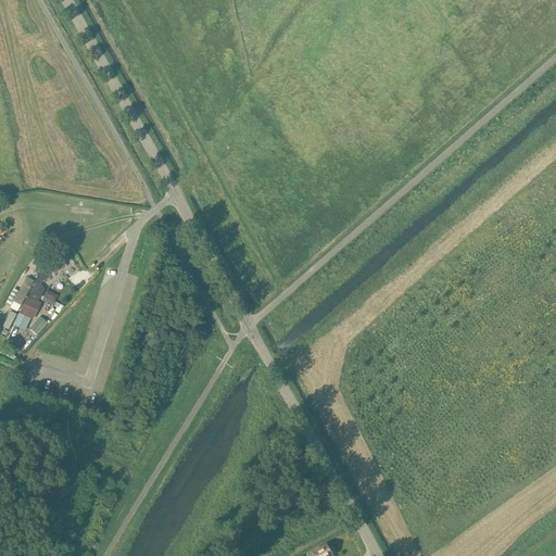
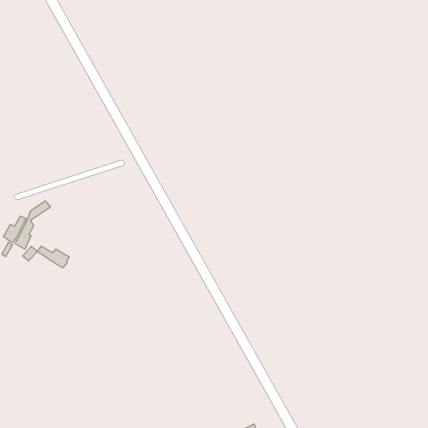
building: none -> [37,246,69,268]

